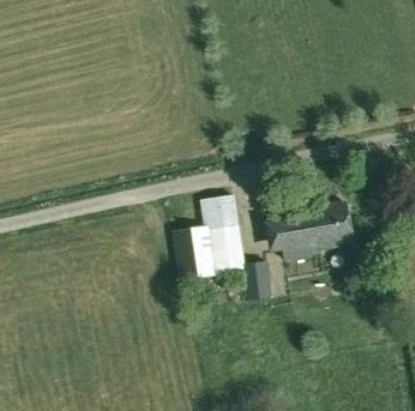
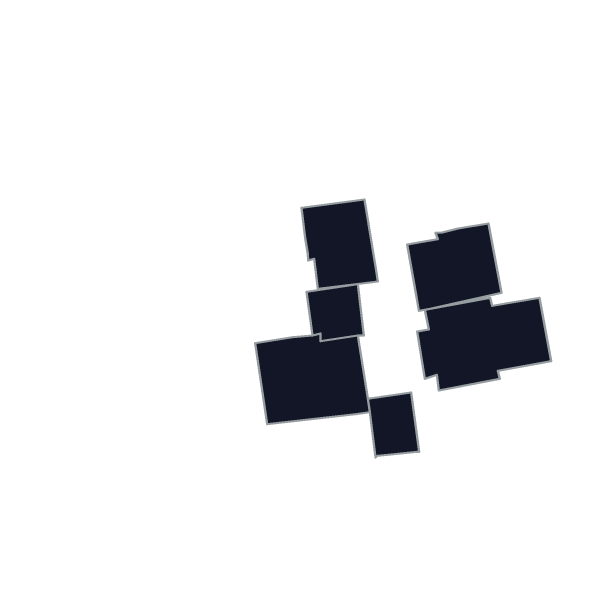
building: none -> [301,199,378,289]
building: none -> [407,223,501,311]

